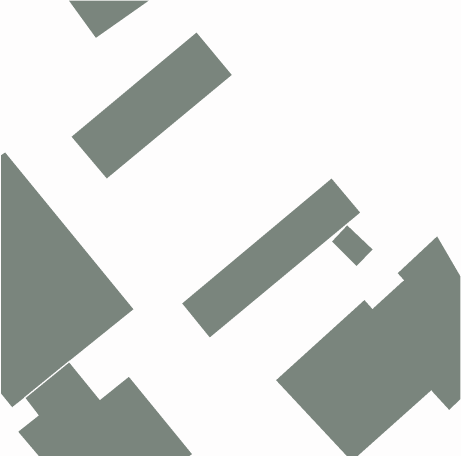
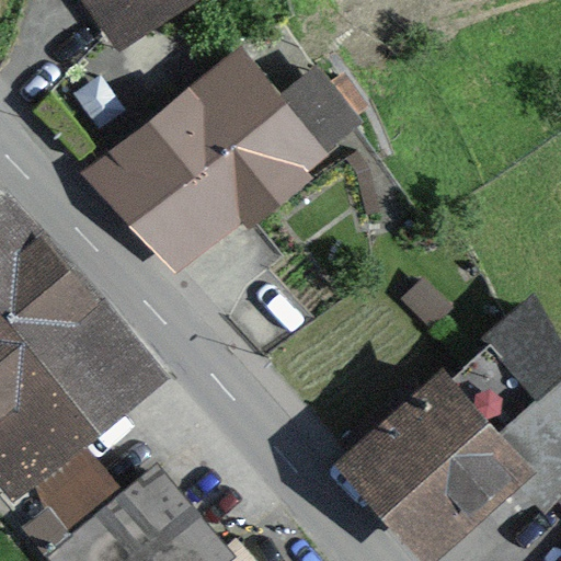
building: none -> [129,66,375,278]
building: [181,177,361,339] -> none

